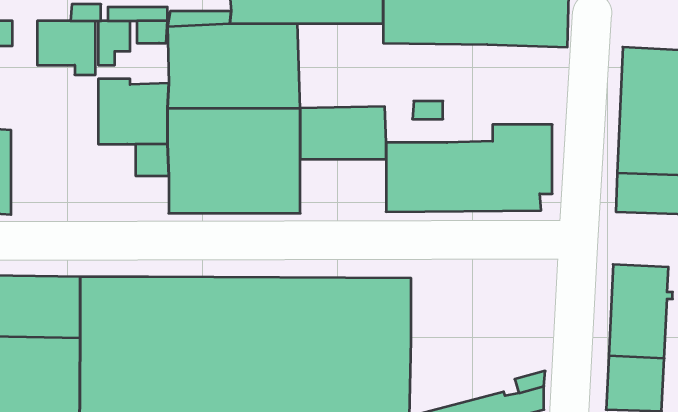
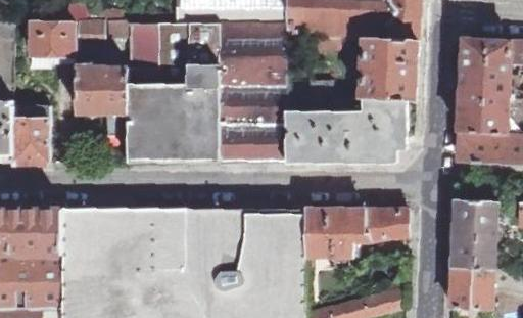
building: none -> [222,21,286,84]
building: none -> [361,37,421,96]
building: none -> [10,104,47,163]
building: none -> [224,122,287,162]
building: none -> [305,210,407,256]

